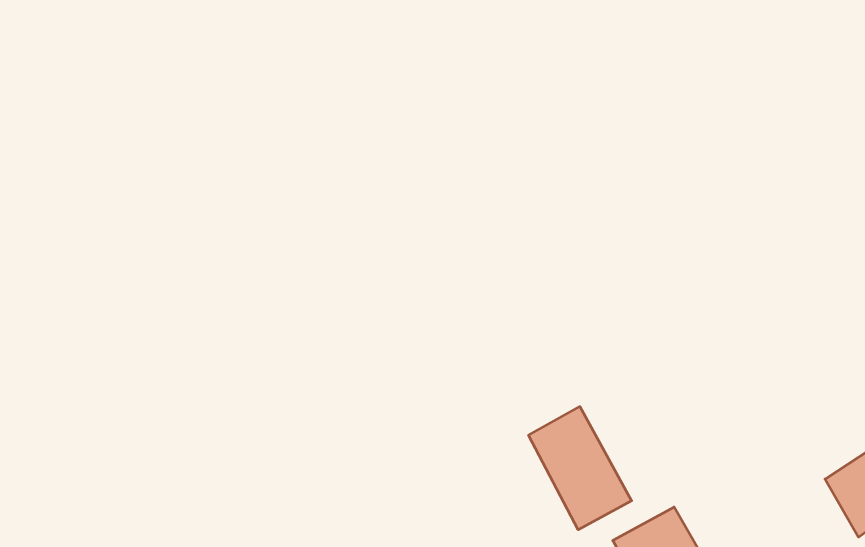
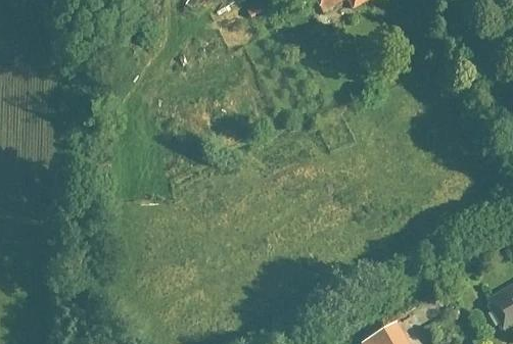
building: [529,407,632,530] -> none

